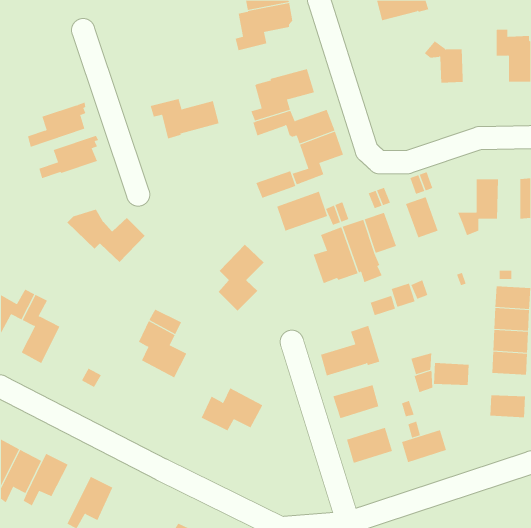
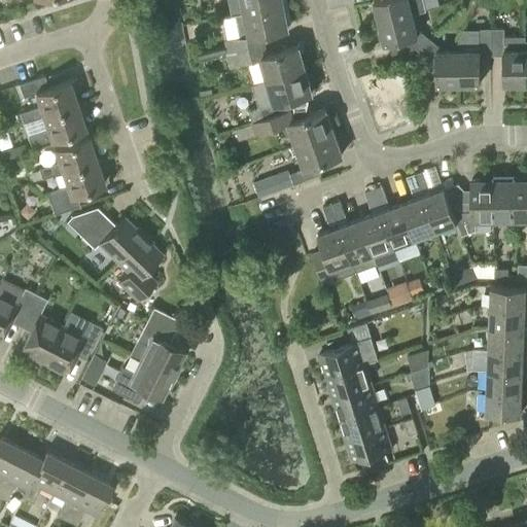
building: none -> [378,14,430,56]
building: none -> [458,32,492,84]
building: none -> [17,78,78,125]
building: [150,99,220,139] -> [236,46,305,86]
building: none -> [46,161,105,215]
building: none -> [493,180,515,229]
building: none -> [422,189,457,232]
building: [276,191,328,232] -> none
building: none -> [381,205,414,247]
building: [218,244,265,311] -> [117,237,164,304]
building: none -> [41,323,102,375]
building: [433,362,470,385] -> [486,373,522,395]
building: none -> [323,363,370,395]
building: [201,388,263,431] -> [111,360,173,403]
building: [401,429,447,463] -> [337,406,382,438]
building: none -> [51,463,90,522]

